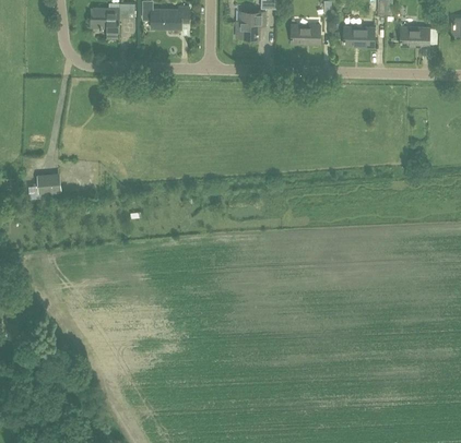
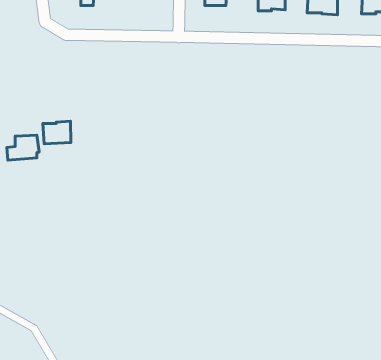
building: none -> [43,121,71,144]

